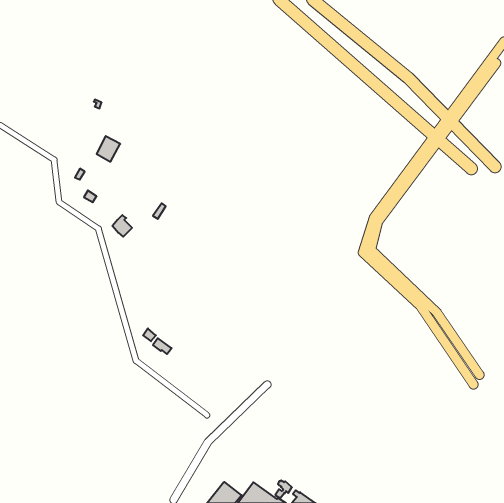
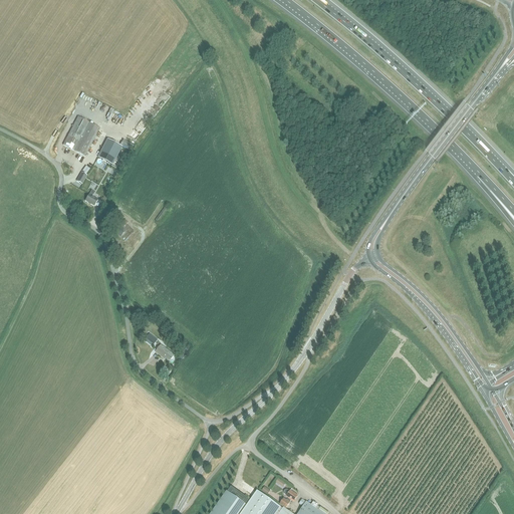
building: none -> [63,116,99,156]

